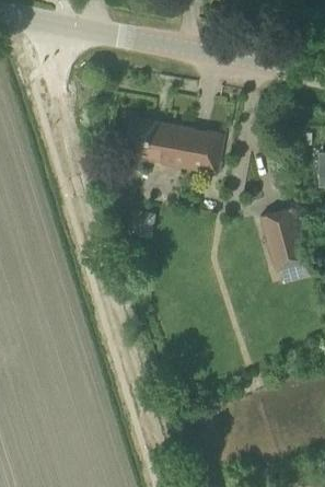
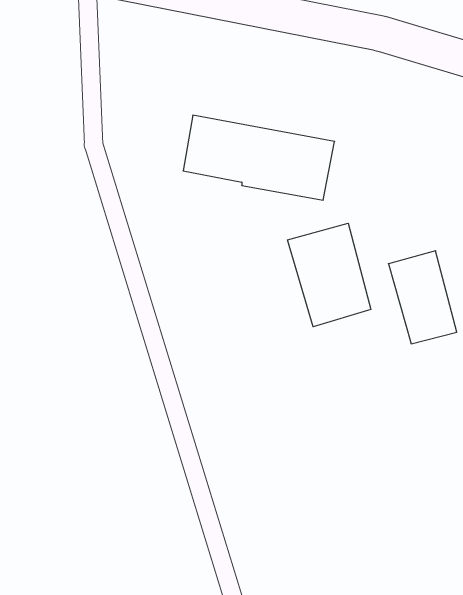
building: none -> [288,223,371,327]

